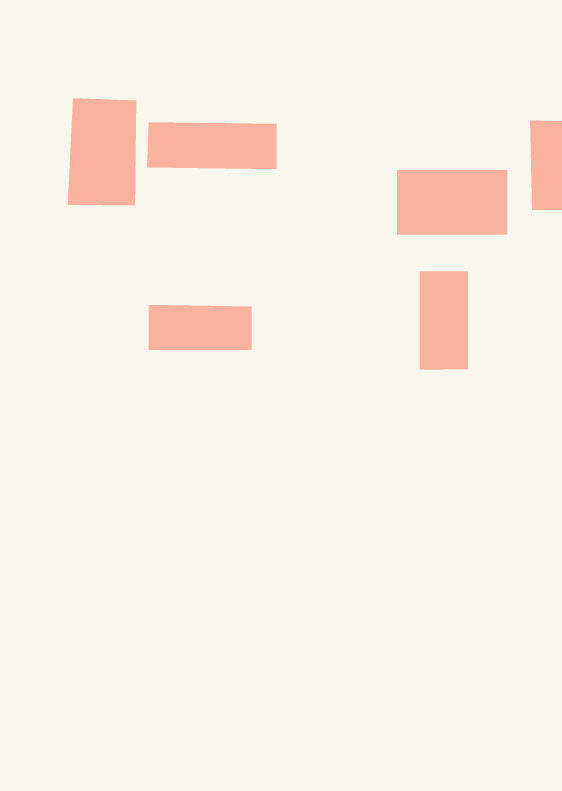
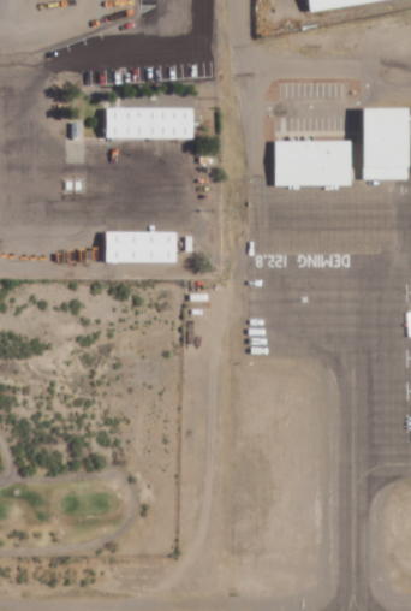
building: [67,97,137,206] -> none
building: [419,270,468,371] -> none

